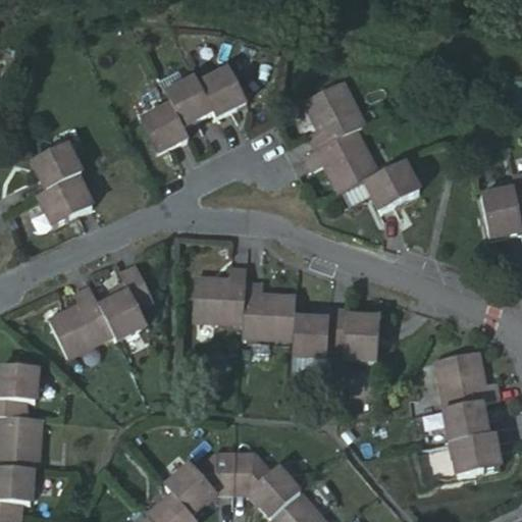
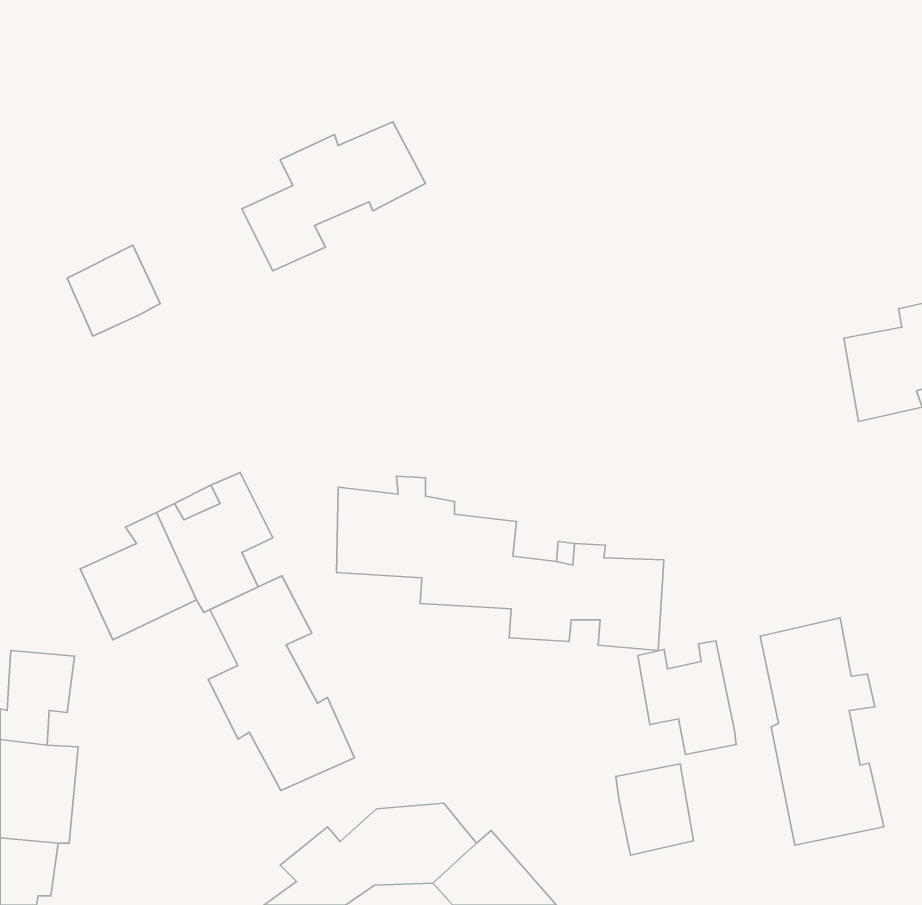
building: [300,80,418,211] -> none
building: [43,176,98,227] -> none
building: none -> [208,576,355,790]
building: none -> [638,641,736,755]
building: none -> [616,764,694,855]

